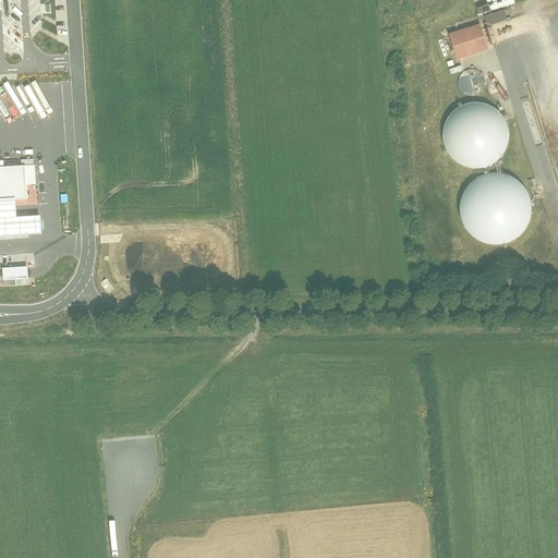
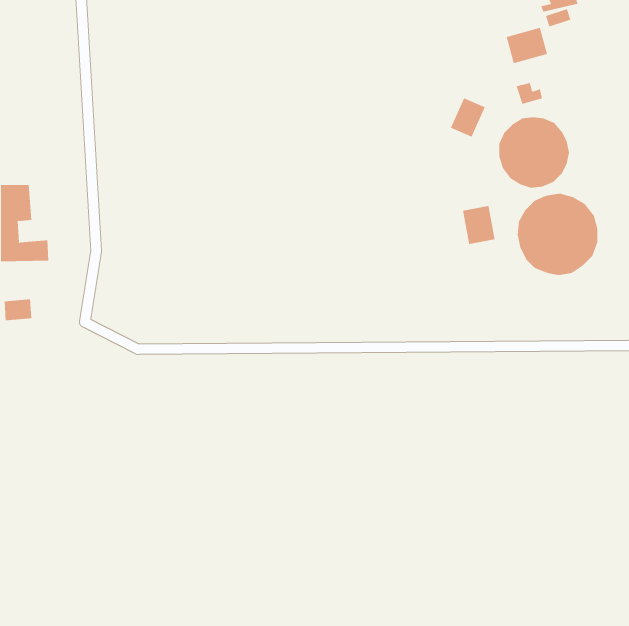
building: none -> [450,98,485,137]
building: none -> [463,205,495,245]

